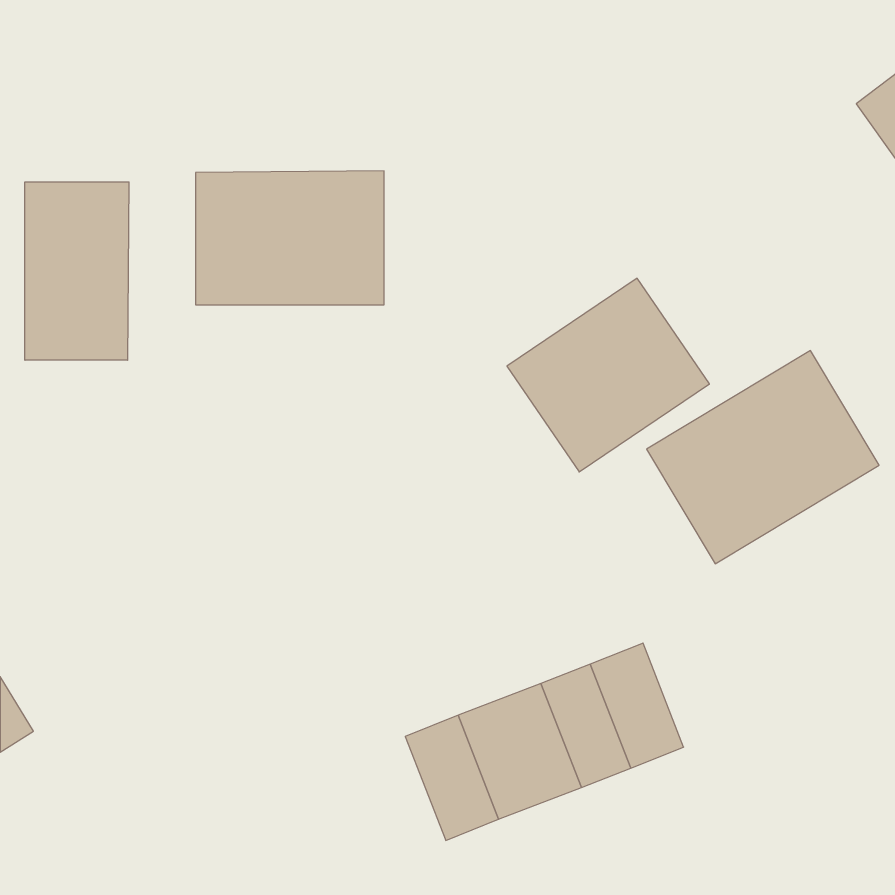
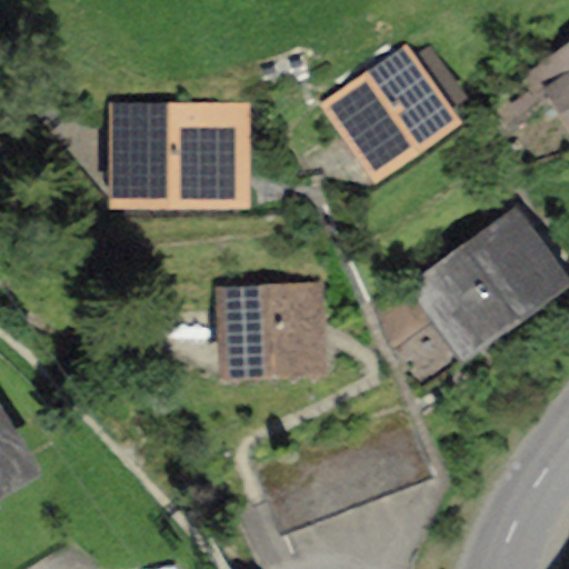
building: [25,182,129,360] -> none
building: [507,278,709,472] -> [339,47,467,169]
building: none -> [230,287,320,365]

